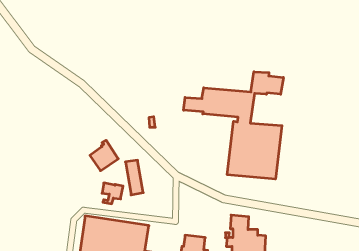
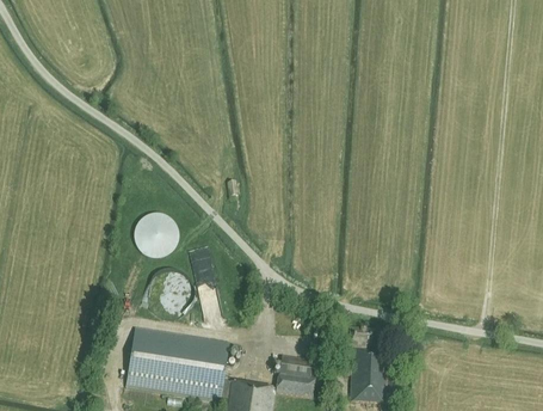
building: [184,72,283,179] -> none

